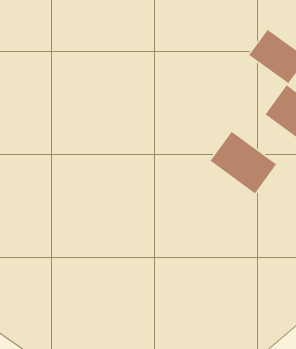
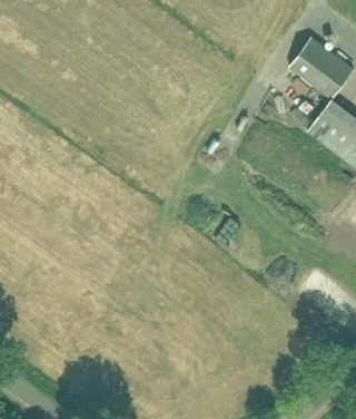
building: [209,131,277,195] -> none

